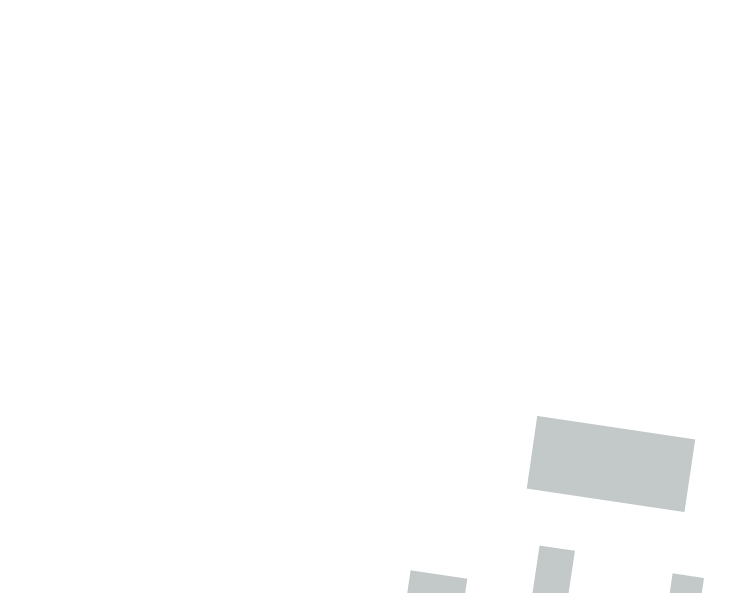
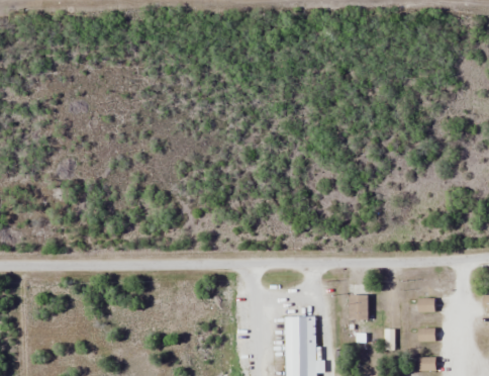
building: [526,415,696,513] -> none

